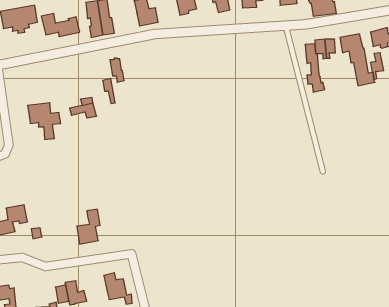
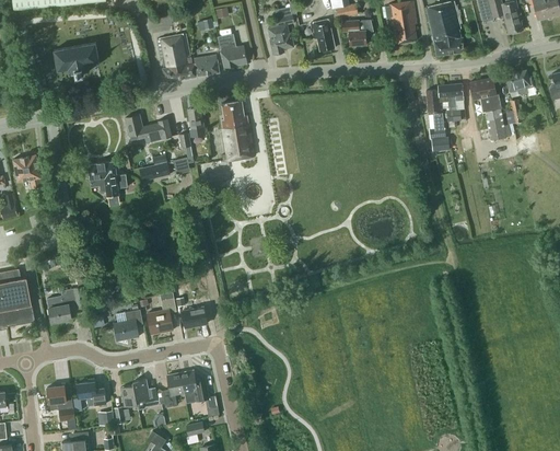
building: [41,13,80,37] -> [124,114,171,142]
building: none -> [189,55,219,76]
building: none -> [220,100,254,160]
building: none -> [182,299,210,327]
building: none -> [113,309,142,340]
building: none -> [162,372,184,406]
building: none -> [75,381,105,405]

